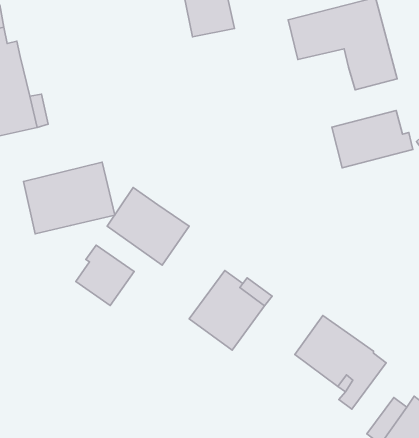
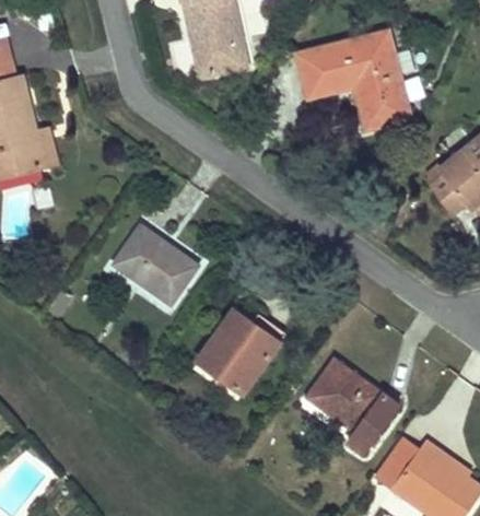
building: [332,110,413,168] -> none
building: [24,162,115,234] -> none
building: [76,245,134,305] -> none

